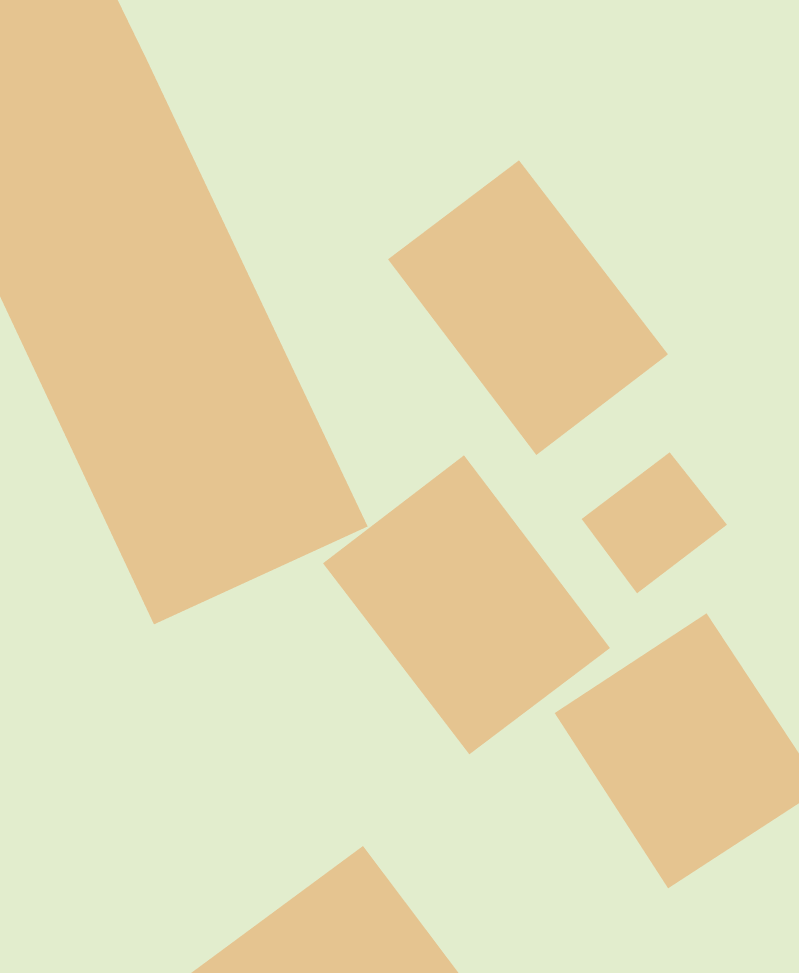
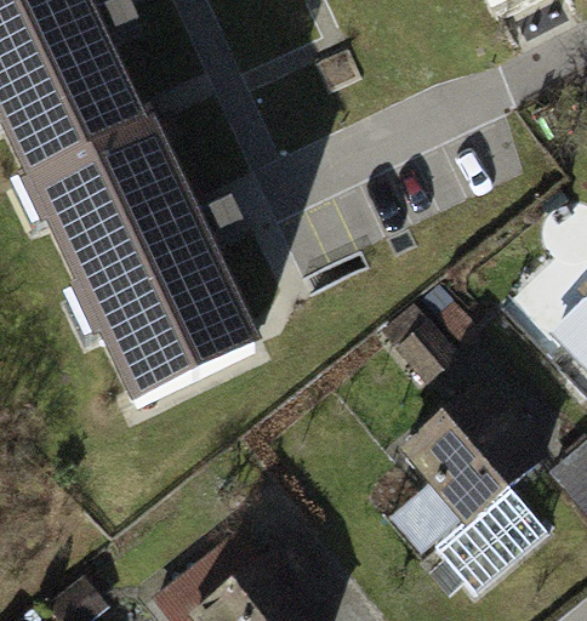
building: [387,159,669,456] -> none
building: [322,454,611,755] -> none

